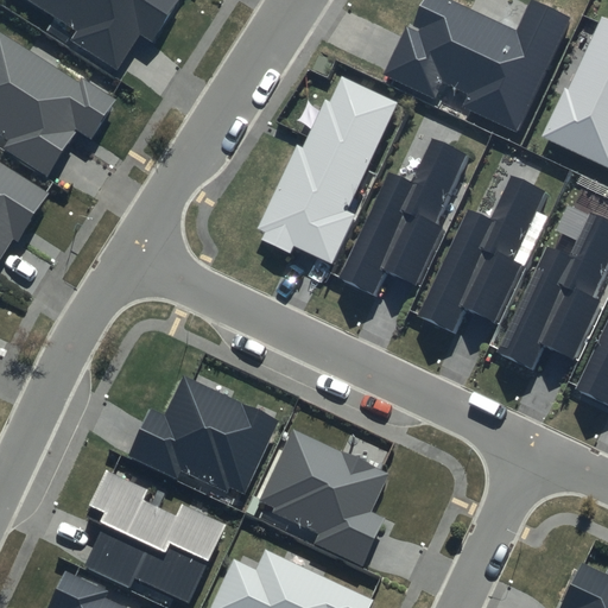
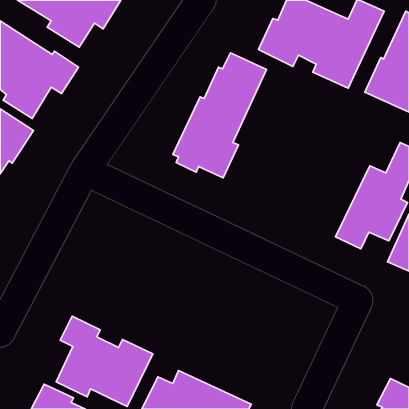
building: [337,137,468,296] -> none
building: [418,175,547,334] -> none
building: [126,376,279,495] -> none
building: [259,429,390,569] -> none

